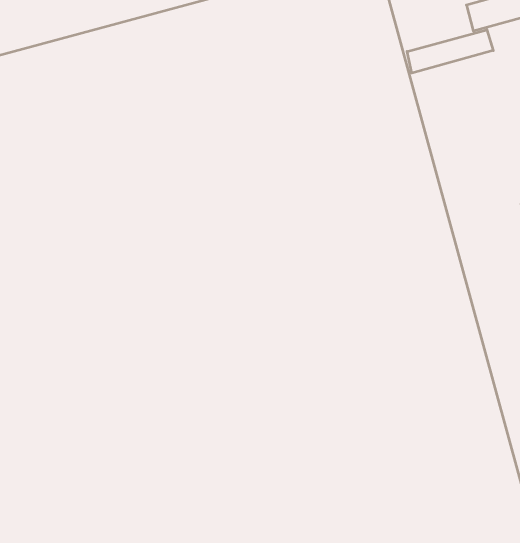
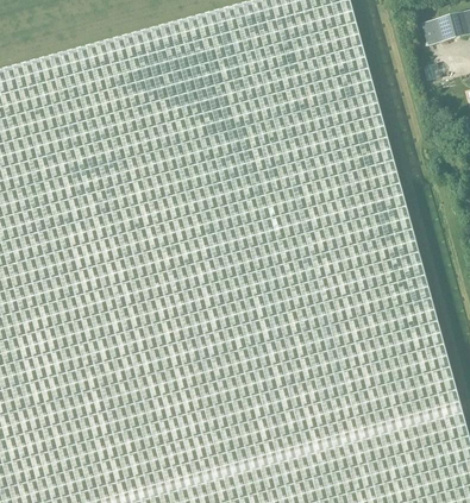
building: [407,30,493,73] -> none

